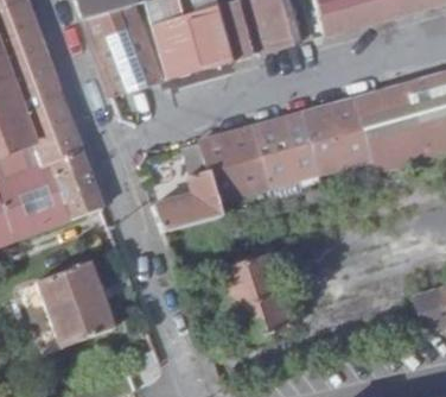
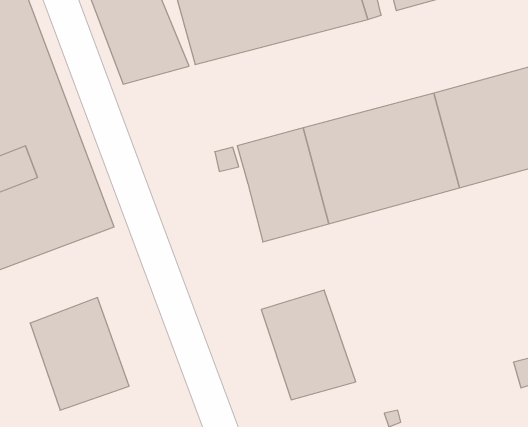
building: [152,169,221,231] -> none

